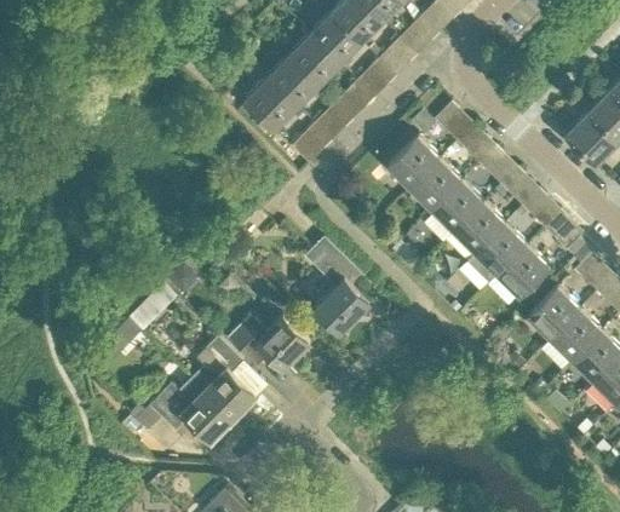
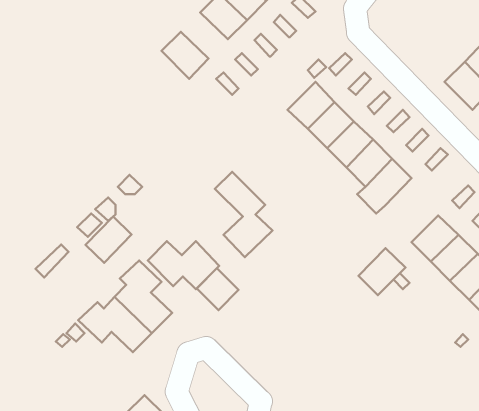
building: [265,58,318,110] -> none
building: [496,246,550,299] -> [359,248,406,295]
building: none -> [86,217,132,263]
building: none -> [197,268,238,310]

